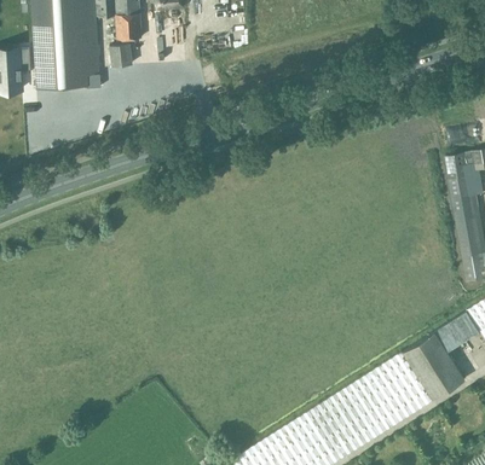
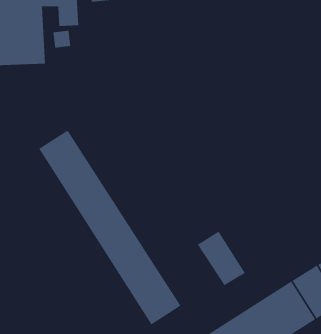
building: none -> [38,129,181,326]
building: none -> [197,230,246,286]

